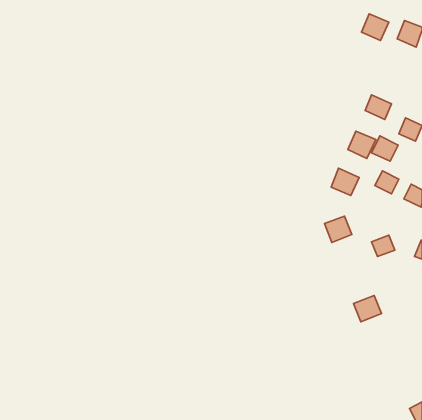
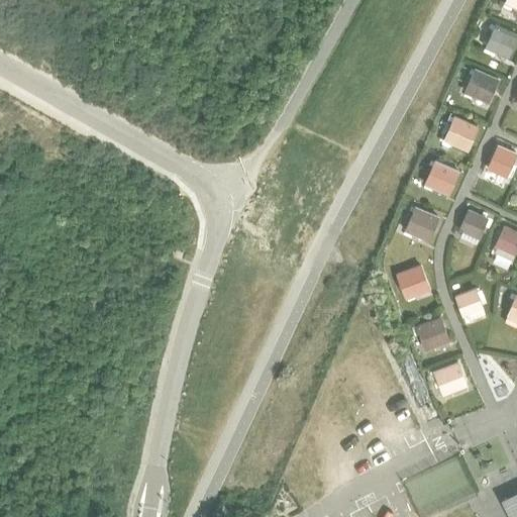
building: [362,14,389,40] -> [466,71,499,103]
building: [372,136,398,161] -> none
building: none -> [416,318,449,351]

